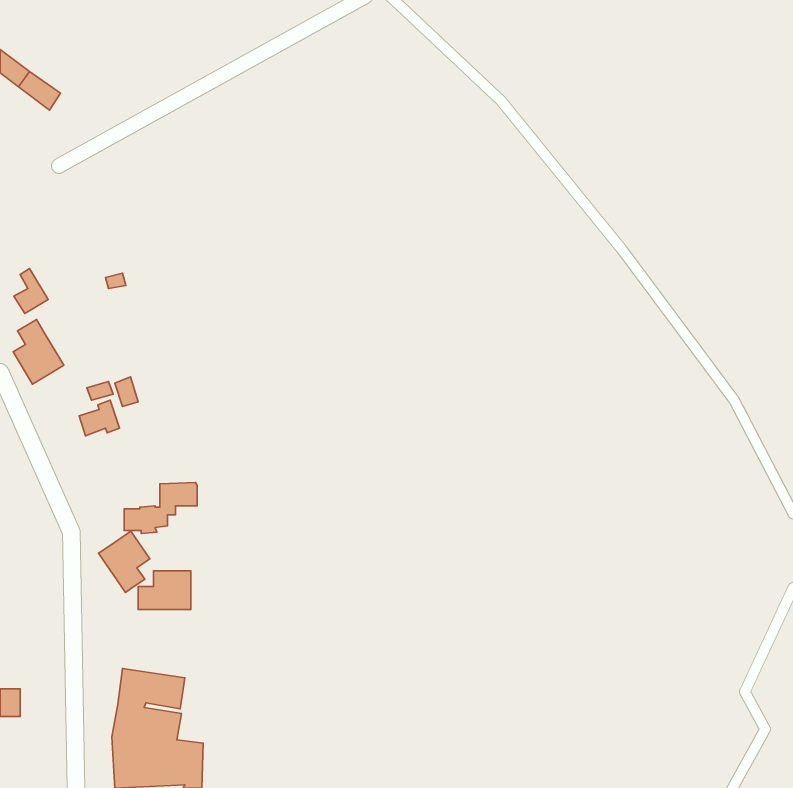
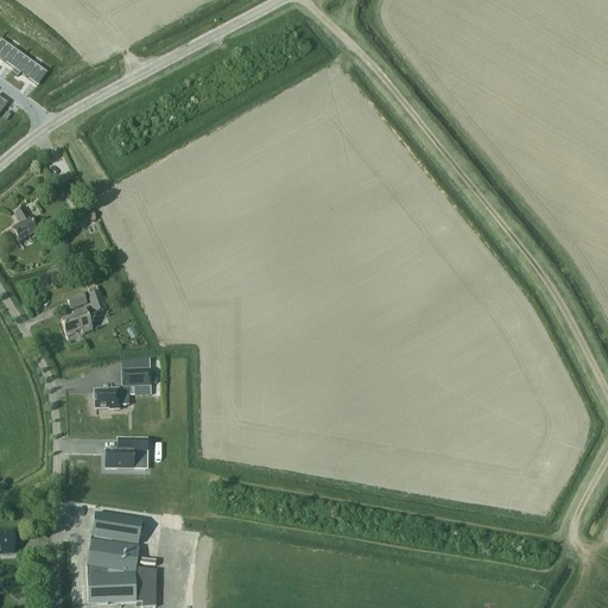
building: [13,320,64,384] -> none
building: [99,531,150,592] -> none

